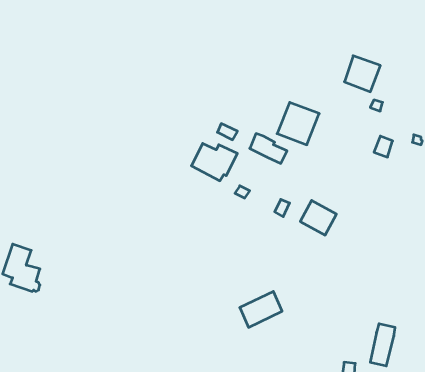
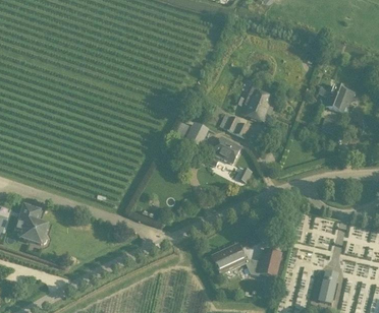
building: [344,56,380,92] -> [325,84,355,114]
building: [300,200,336,235] -> [212,136,241,165]
building: none -> [254,242,274,268]

